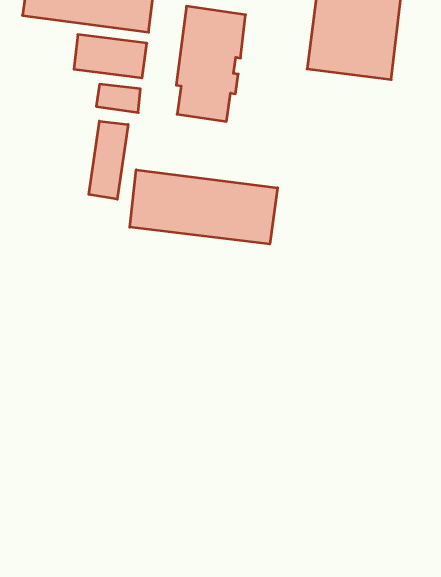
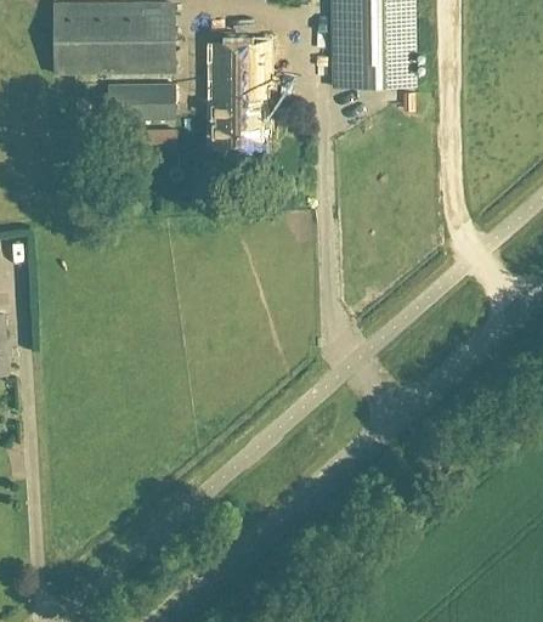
building: [89,121,128,199] -> none
building: [130,170,278,244] -> none

